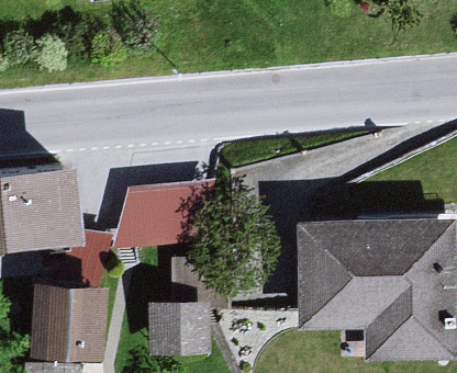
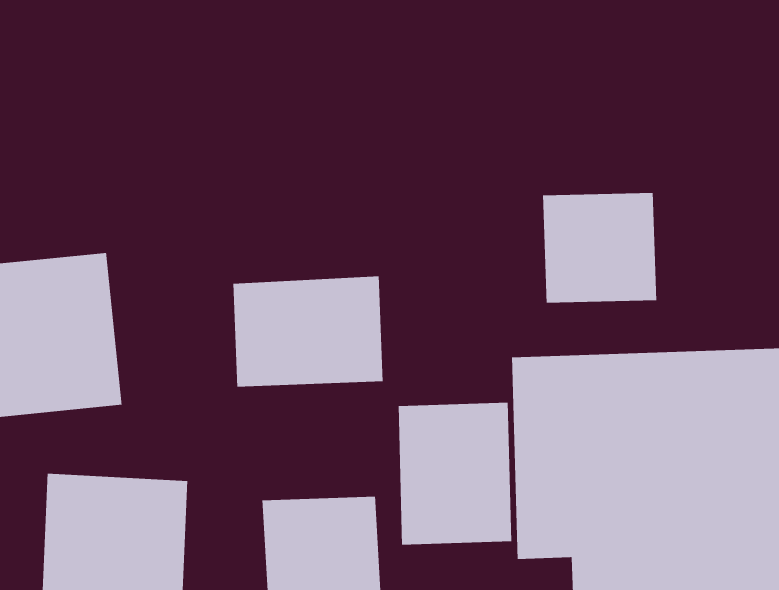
building: none -> [542,192,657,304]
building: none -> [398,402,512,546]

